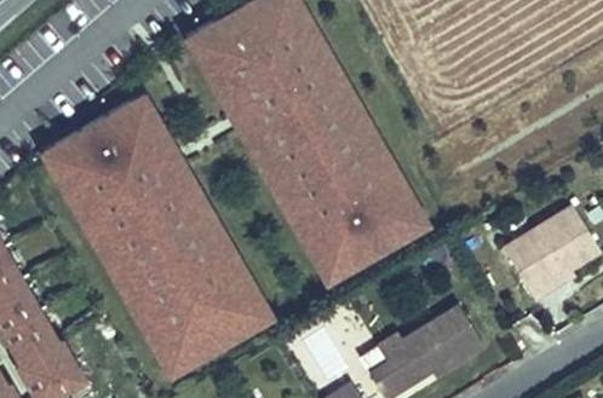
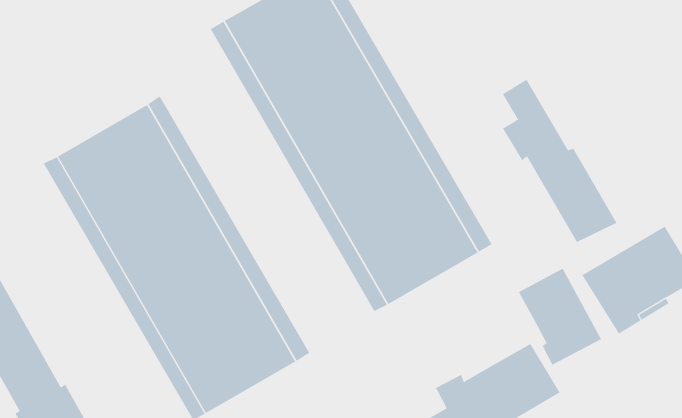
building: none -> [502,79,617,243]
building: none -> [518,268,602,366]

